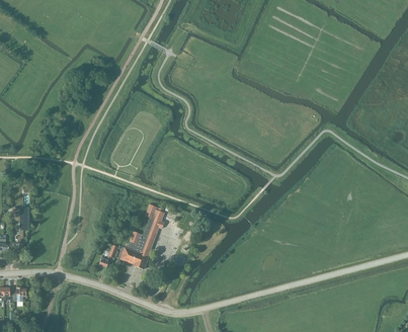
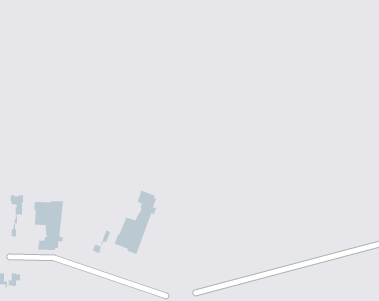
building: none -> [34,200,64,251]

